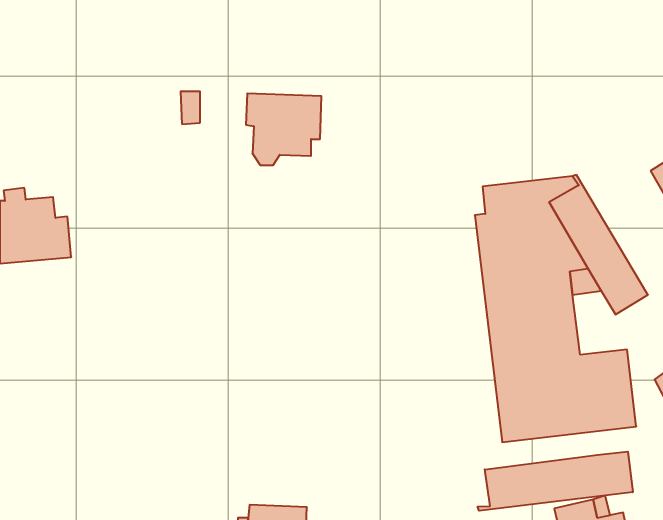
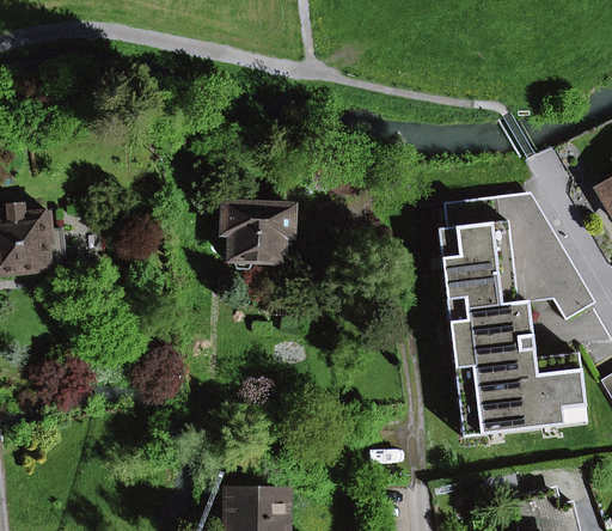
building: [246,93,321,165] -> [224,203,293,269]
building: [478,452,633,511] -> none

